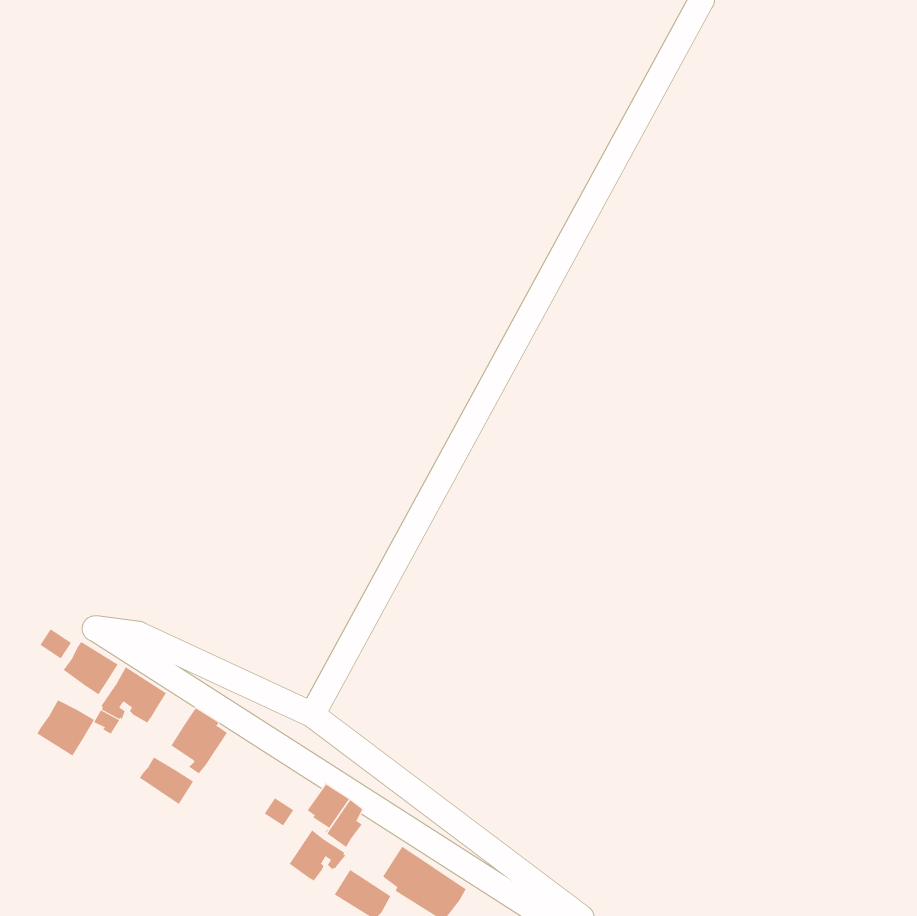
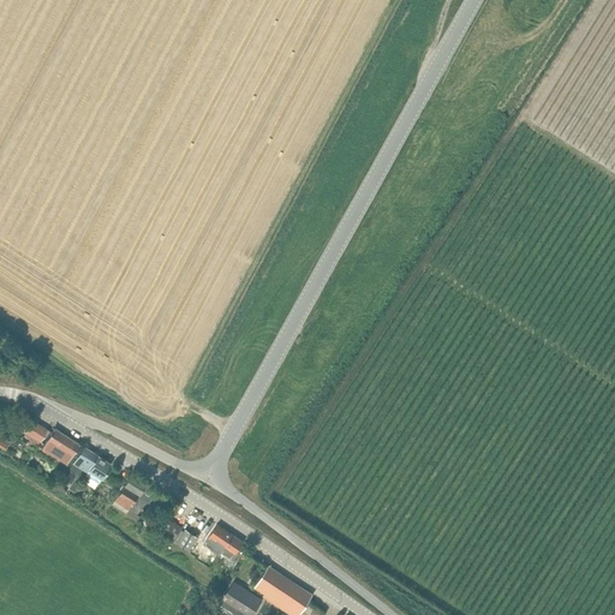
building: [37,700,95,756] -> none
building: [139,756,194,805] -> none
building: [289,830,346,882] -> none

